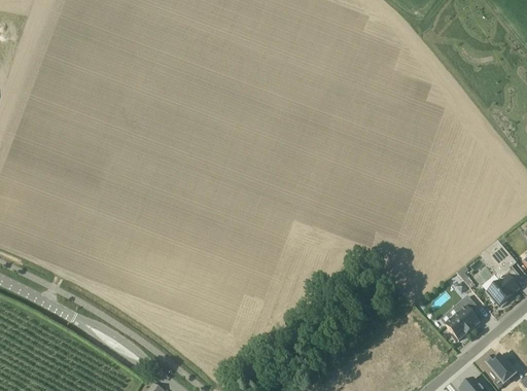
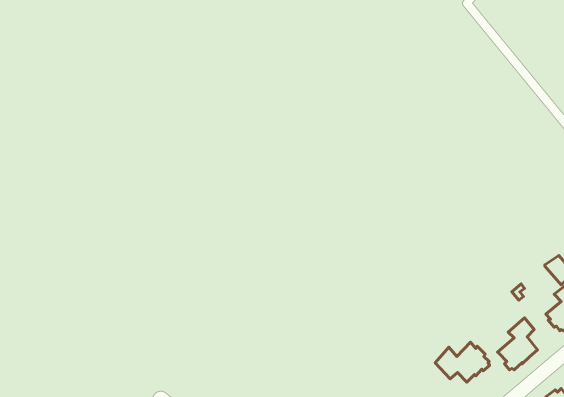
building: none -> [435,342,489,382]

